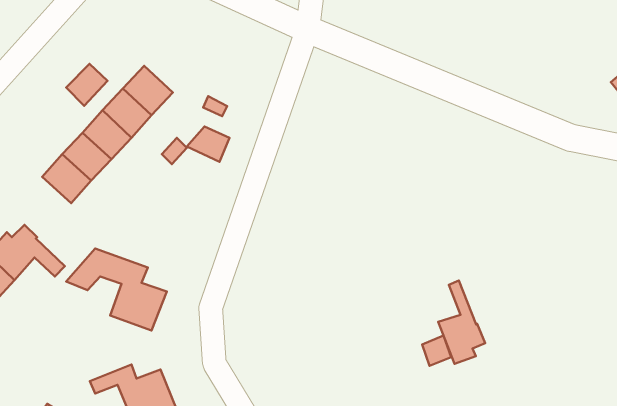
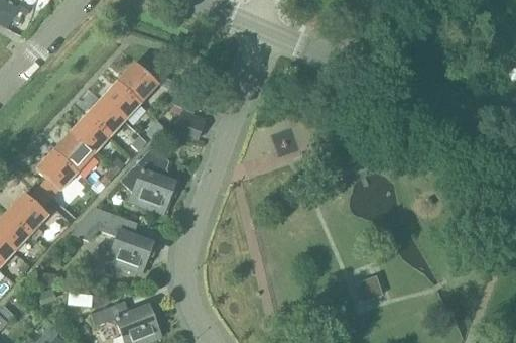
building: [66,64,107,106] -> none
building: none -> [121,146,175,212]
building: none -> [37,149,77,198]
building: [438,281,485,364] -> none

